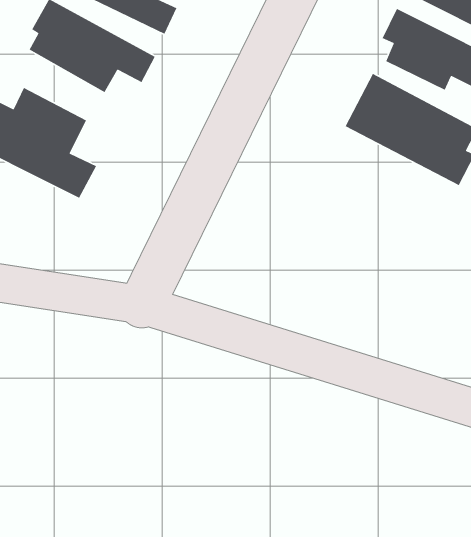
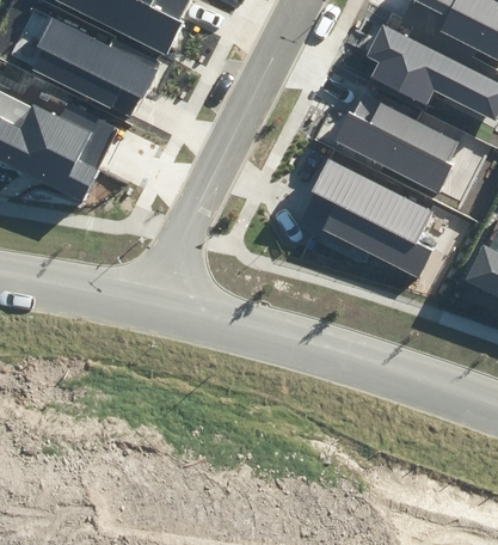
building: none -> [294,159,432,278]

